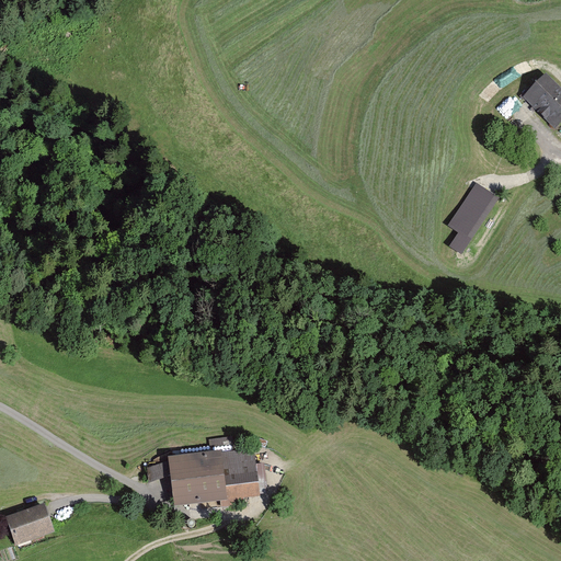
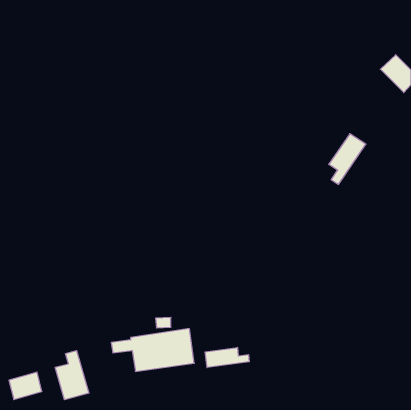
building: none -> [205,347,249,368]
building: none -> [55,351,89,400]

